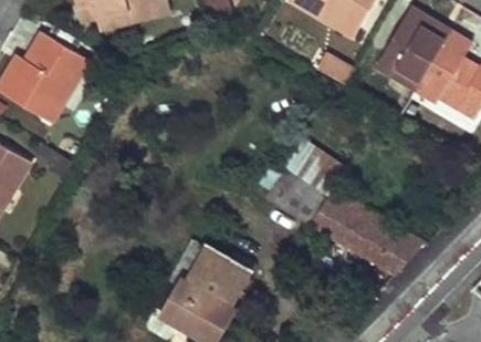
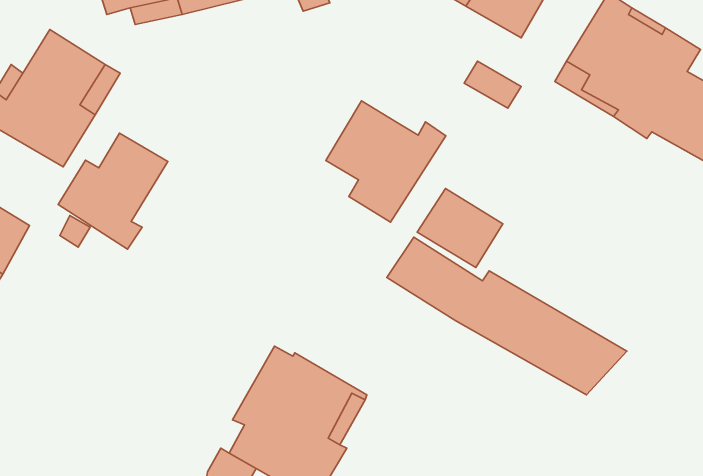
building: none -> [326,101,446,222]
building: none -> [58,133,168,249]

